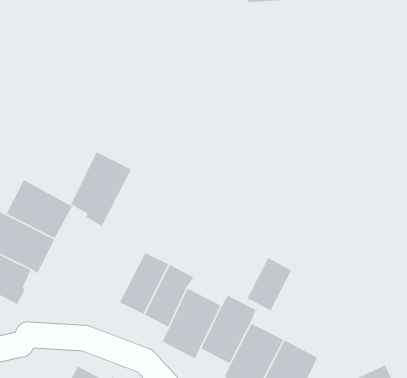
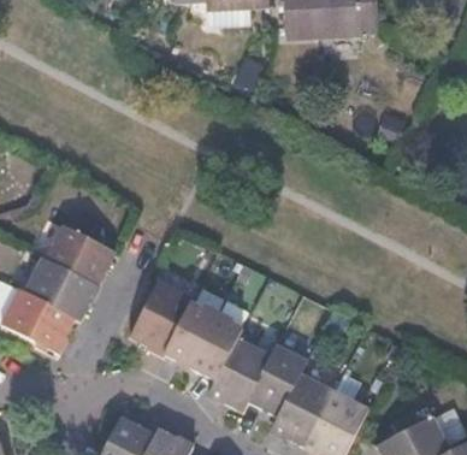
building: [70,151,131,227] -> [126,276,189,353]
building: [246,257,292,312] -> none

